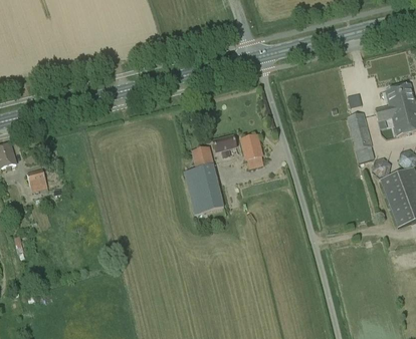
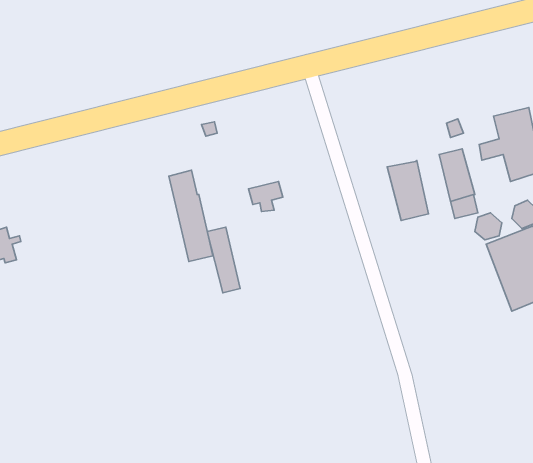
building: none -> [387,161,428,221]
building: [240,134,263,167] -> none
building: [192,146,223,211] -> [169,170,213,261]

